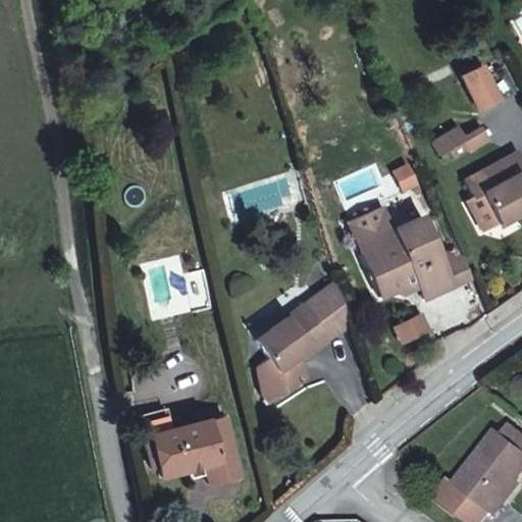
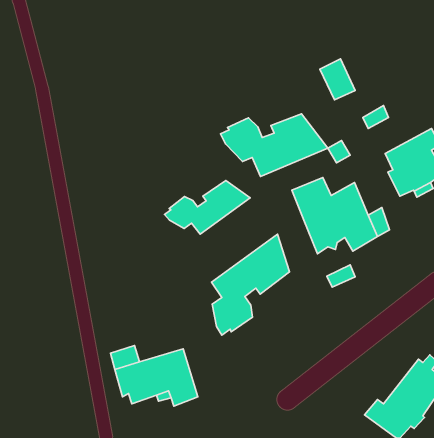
building: [462,64,504,113] -> [320,59,355,100]
building: none -> [221,114,328,176]
building: none -> [164,180,250,234]

